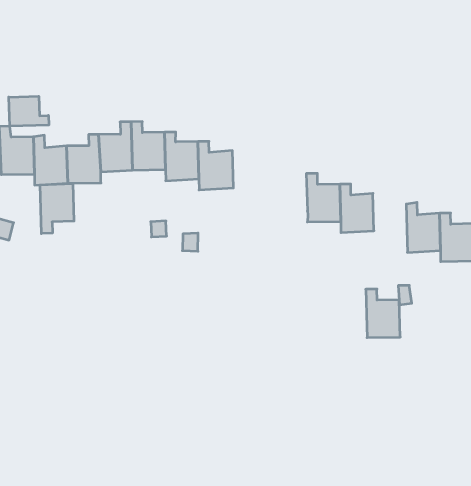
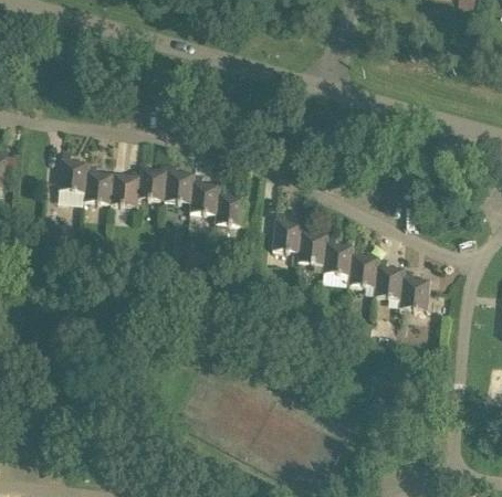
building: [9,96,49,126] -> none
building: none -> [274,210,302,251]
building: [40,184,74,234] -> none
building: [366,289,400,338] -> [348,244,378,286]

